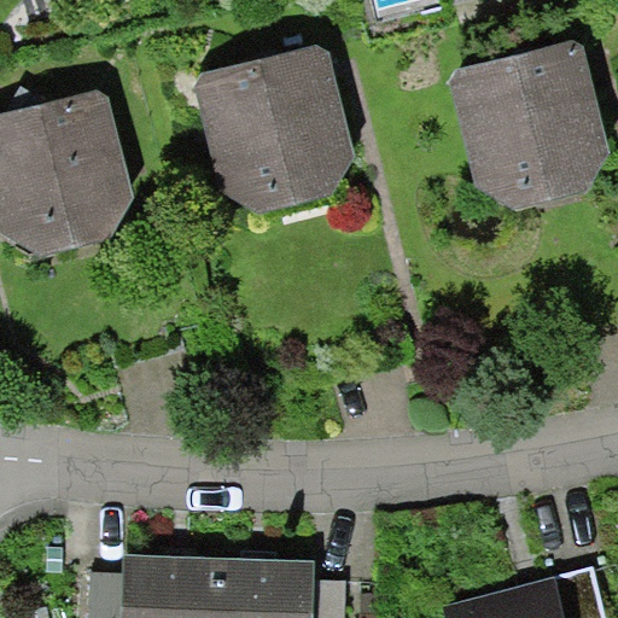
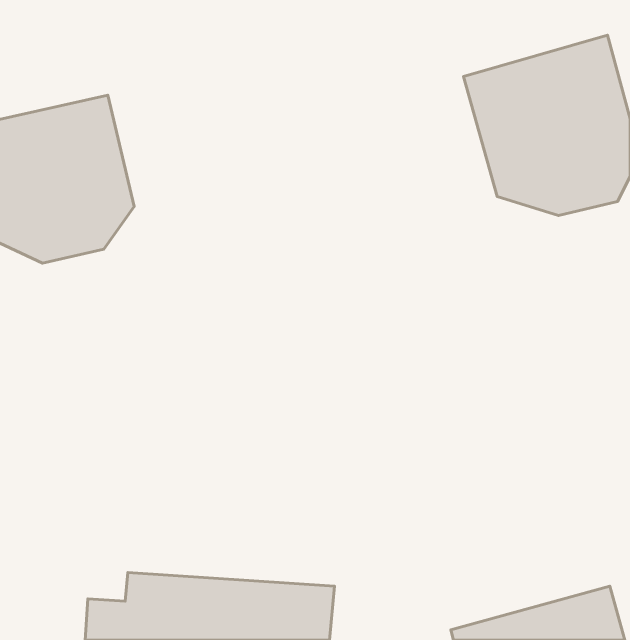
building: [193,45,354,220] -> none

